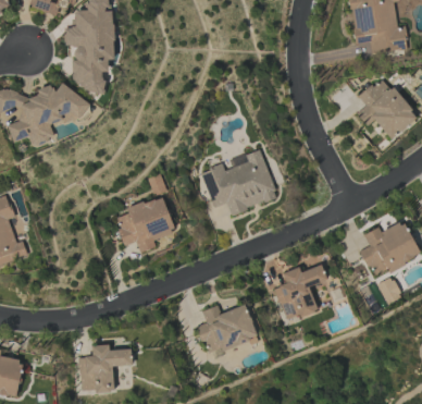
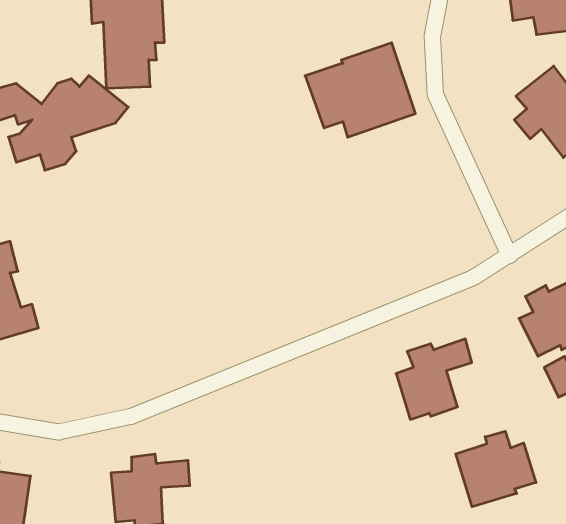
building: [201,148,277,213] -> [305,43,415,137]
building: [115,196,175,252] -> none
building: [199,304,259,355] -> none
building: none -> [456,431,536,507]

